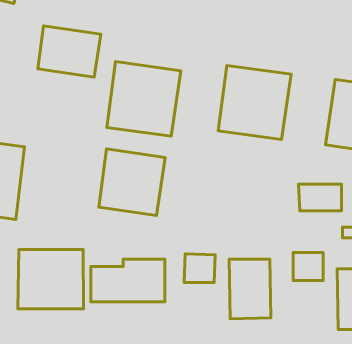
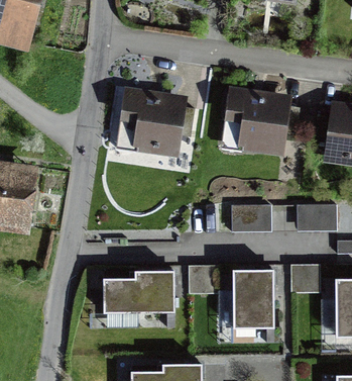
building: [38,26,101,77] -> none
building: [99,149,165,216] -> none
building: none -> [234,201,273,228]
building: [18,249,83,309] -> none

